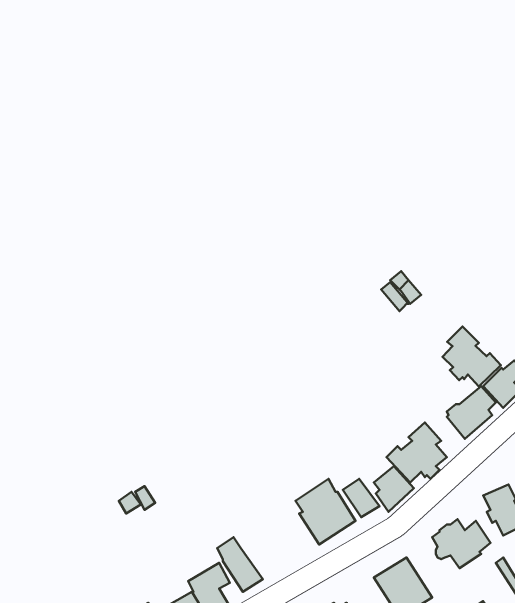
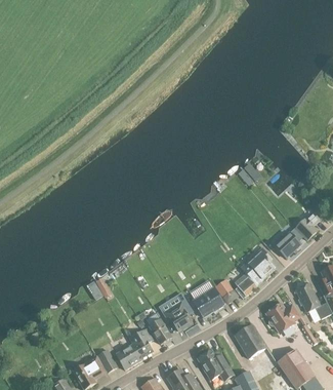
building: [442,326,501,386] -> none
building: none -> [159,299,193,330]

